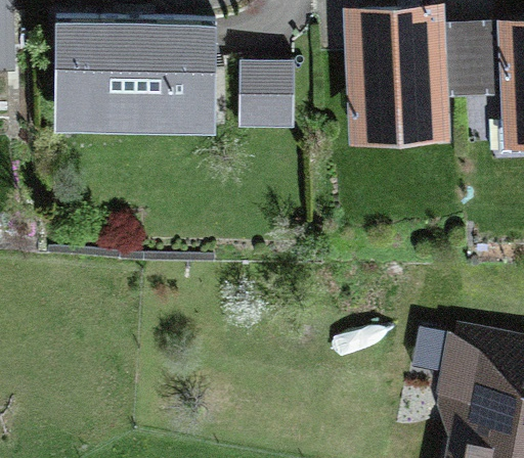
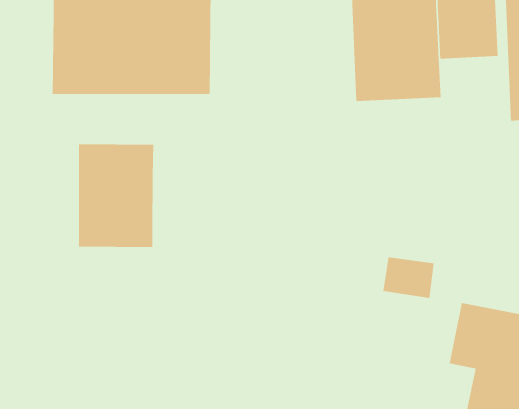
building: [237,61,293,130] -> none
building: none -> [78,144,154,248]

